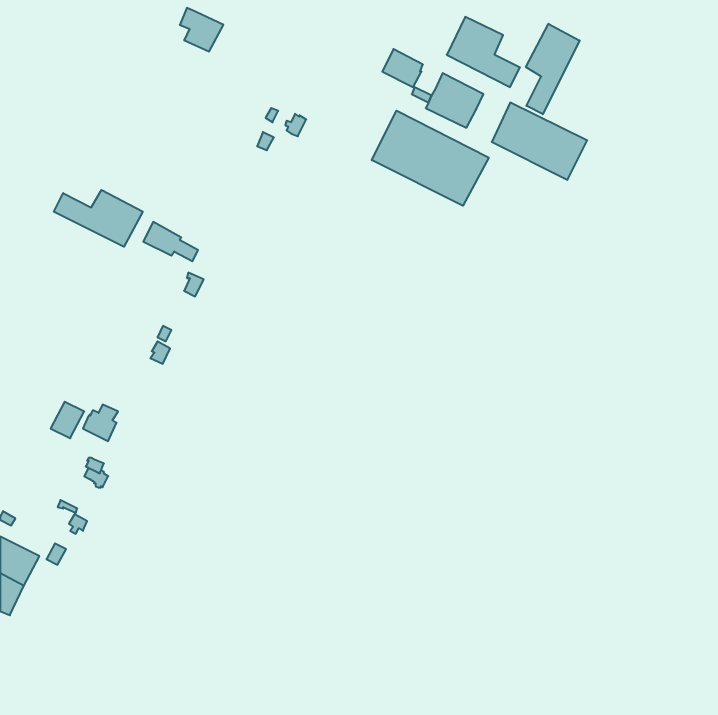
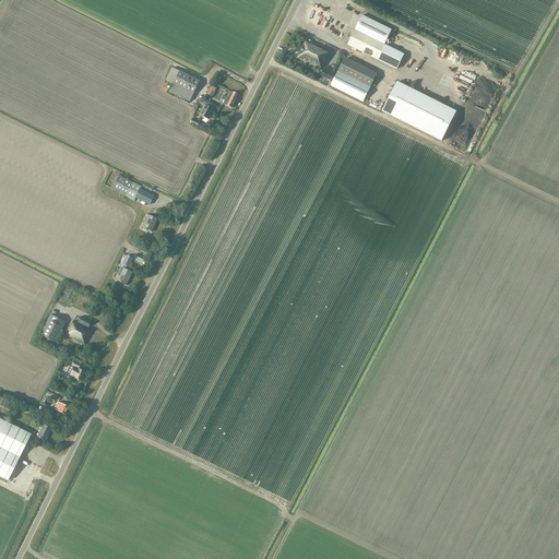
building: [180,8,223,51] -> [166,66,200,99]
building: [526,24,580,114] -> none
building: [372,111,489,206] -> none
building: [54,190,143,247] -> none

